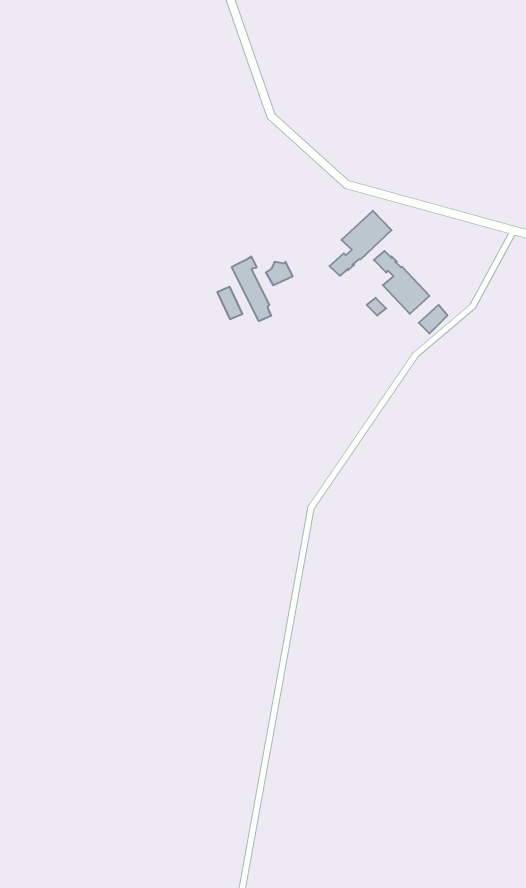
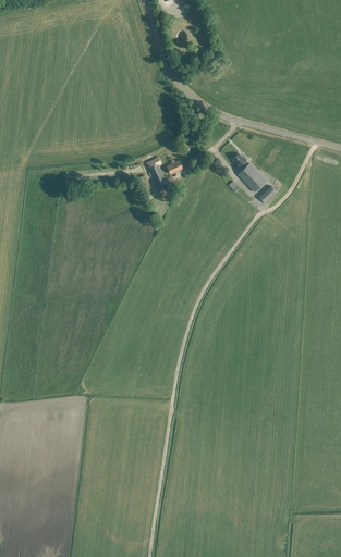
building: [329,211,392,276] -> none

